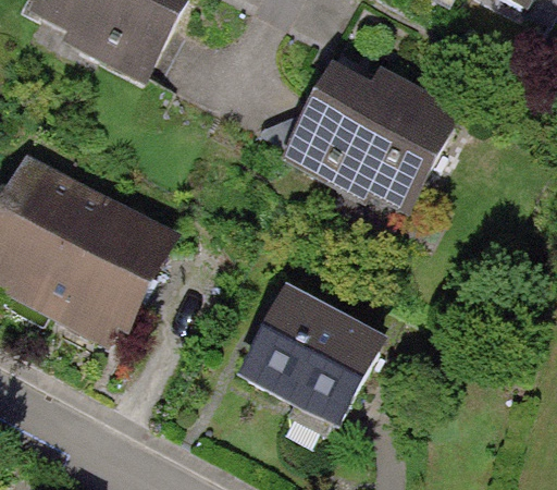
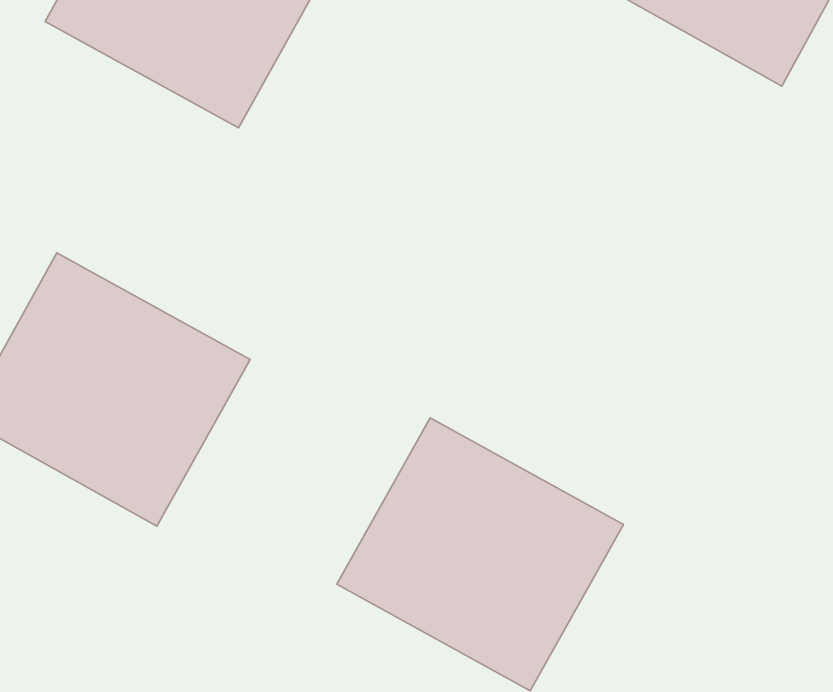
building: [271,42,460,228] -> none

